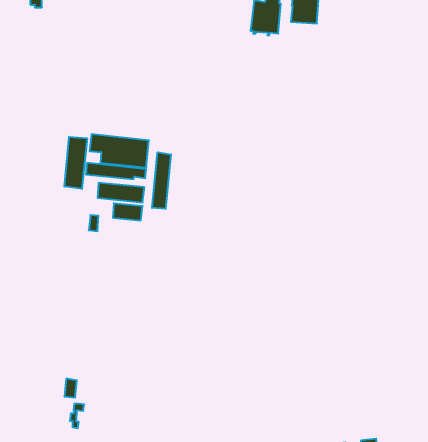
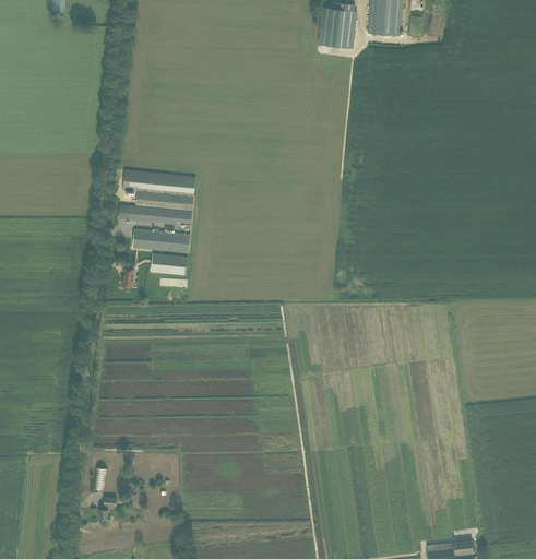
building: [64,137,87,189] -> none
building: [152,152,171,209] -> none

